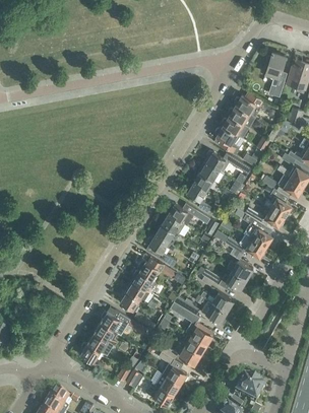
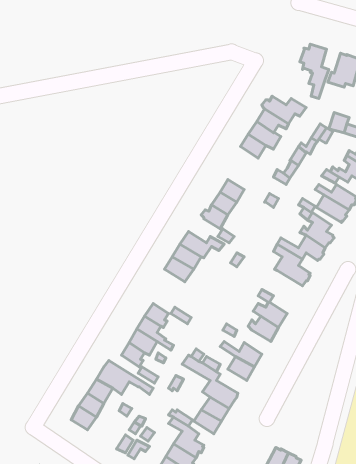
building: [205,150,249,171] -> none
building: [146,232,176,266] -> none
building: [225,233,265,256] -> none

